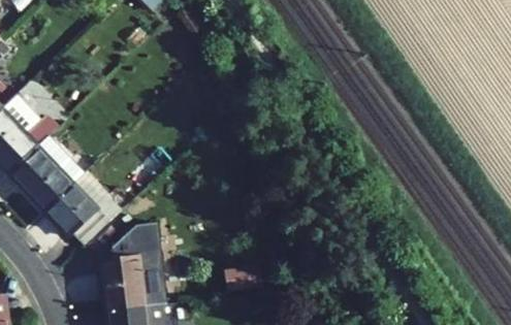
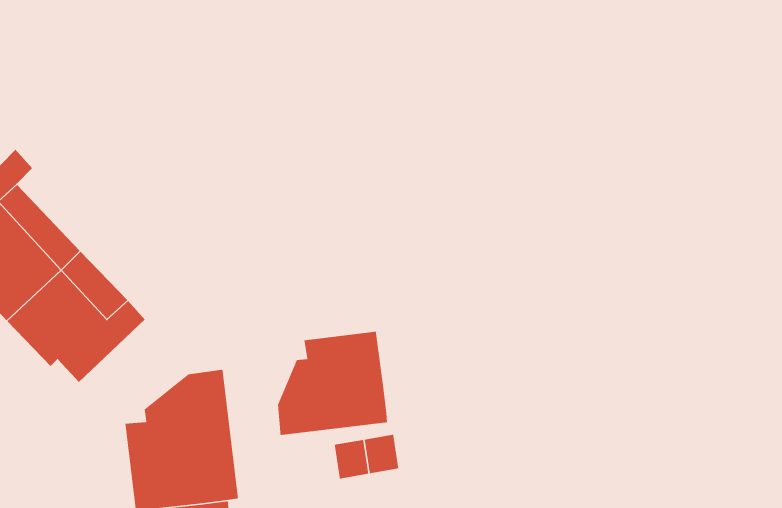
building: none -> [277,331,388,436]

